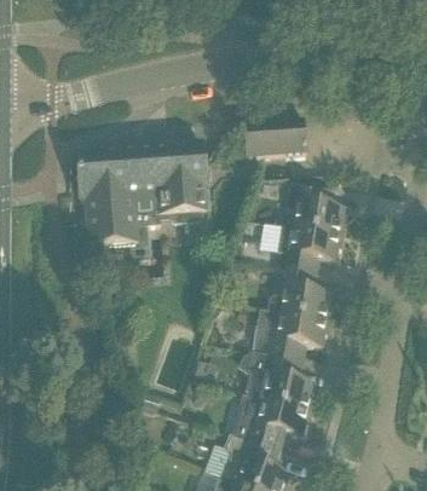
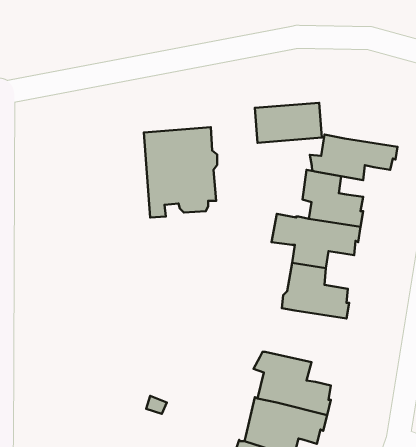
building: [76,148,145,247] -> none
building: none -> [310,135,397,180]
building: [253,311,329,363] -> none

